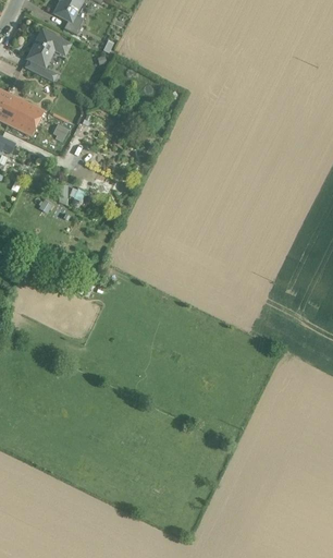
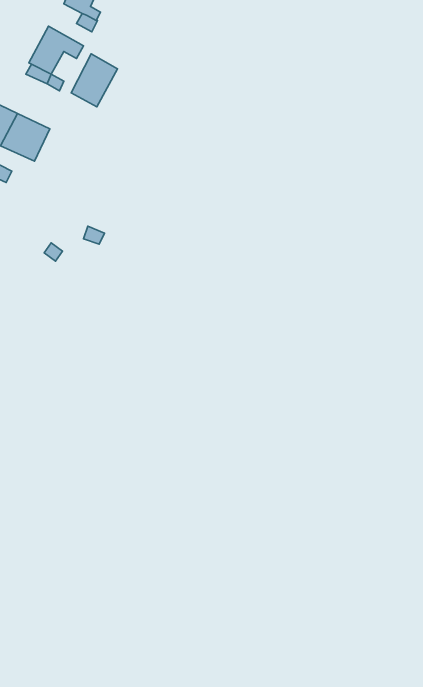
building: none -> [71,54,117,107]

